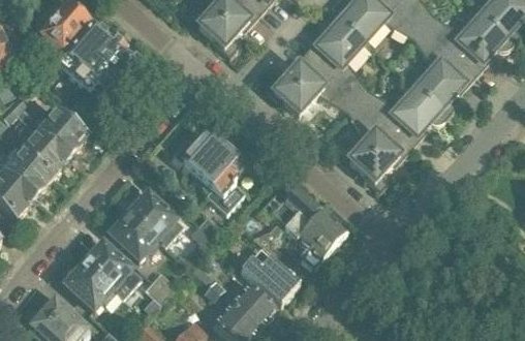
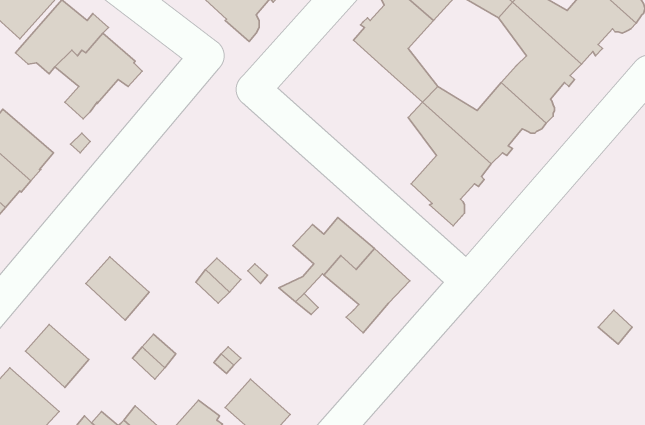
building: [264,54,357,115] -> none
building: [174,128,244,212] -> none
building: [127,191,176,239] -> none
building: [83,241,141,298] -> none
building: [240,249,299,305] -> none
building: [230,283,277,329] -> none

